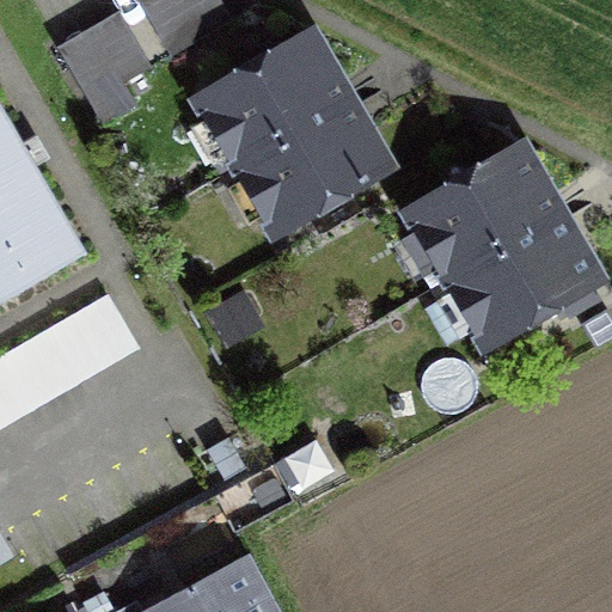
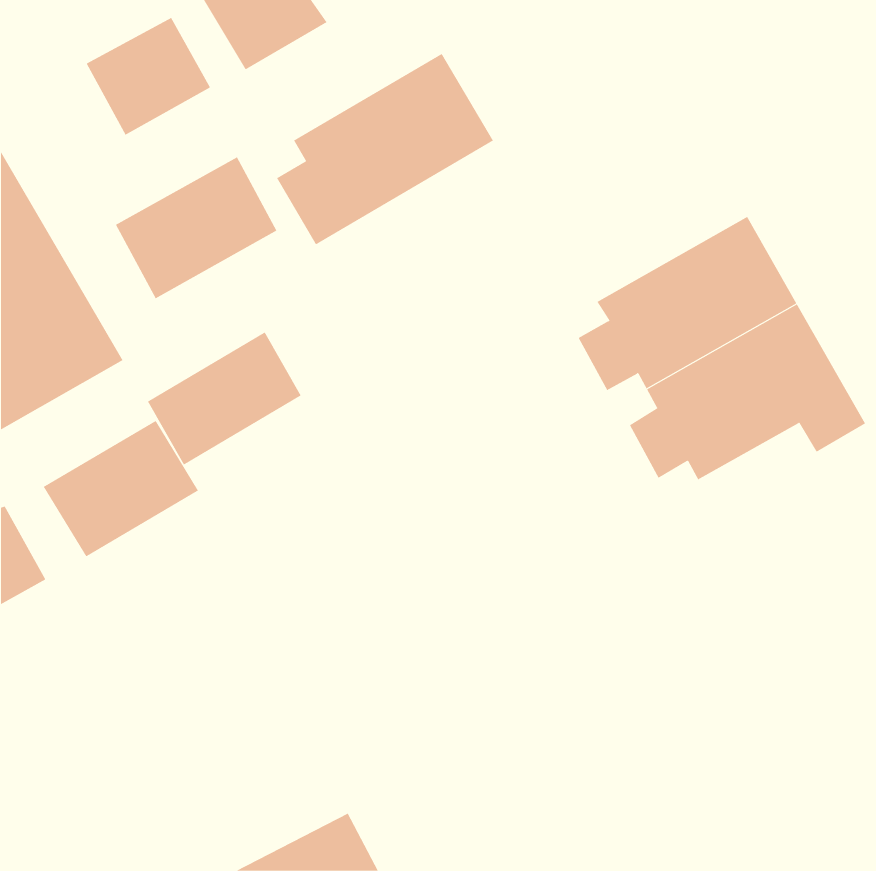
building: [220,98,381,224] -> none
building: none -> [115,156,277,299]
building: none -> [147,332,302,466]

